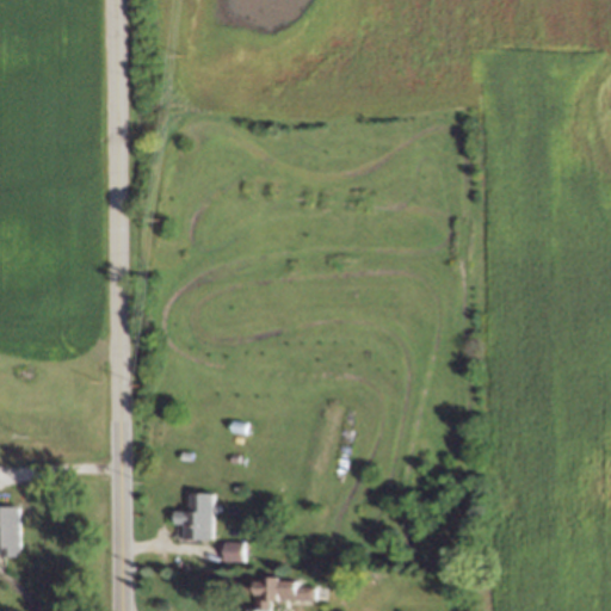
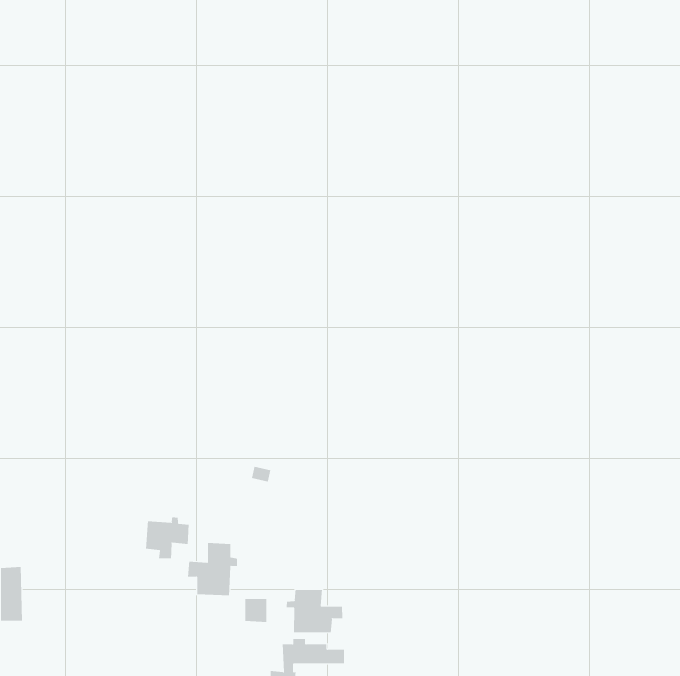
building: none -> [146,517,189,559]
building: none -> [286,589,343,633]

